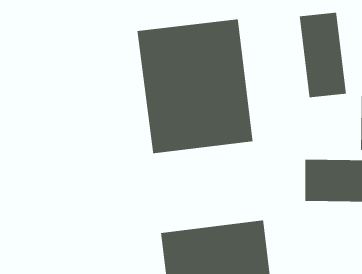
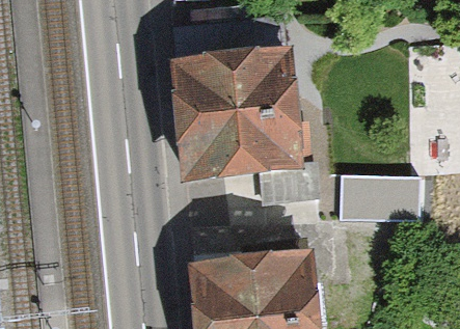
building: [299,12,347,98] -> none

